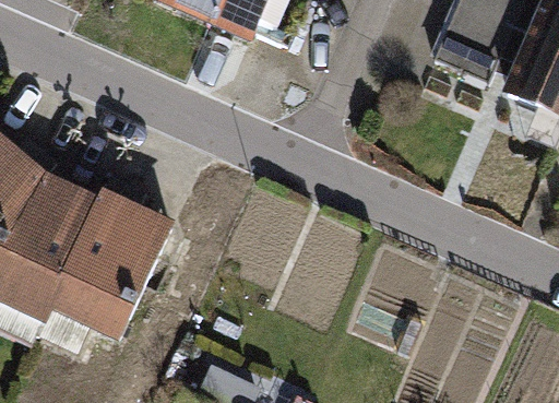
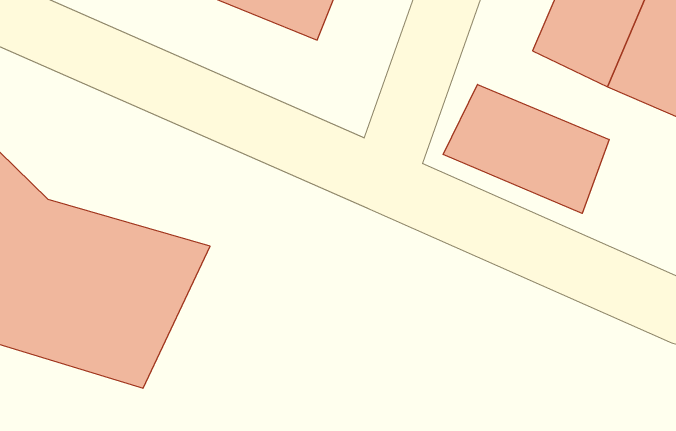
building: none -> [443,84,609,213]

